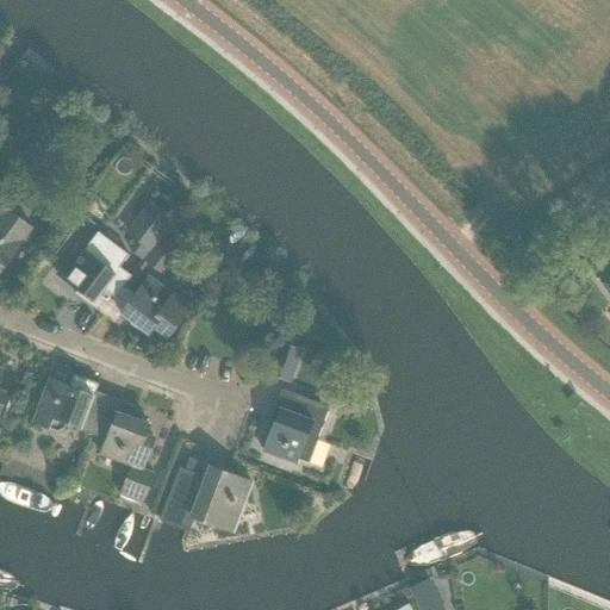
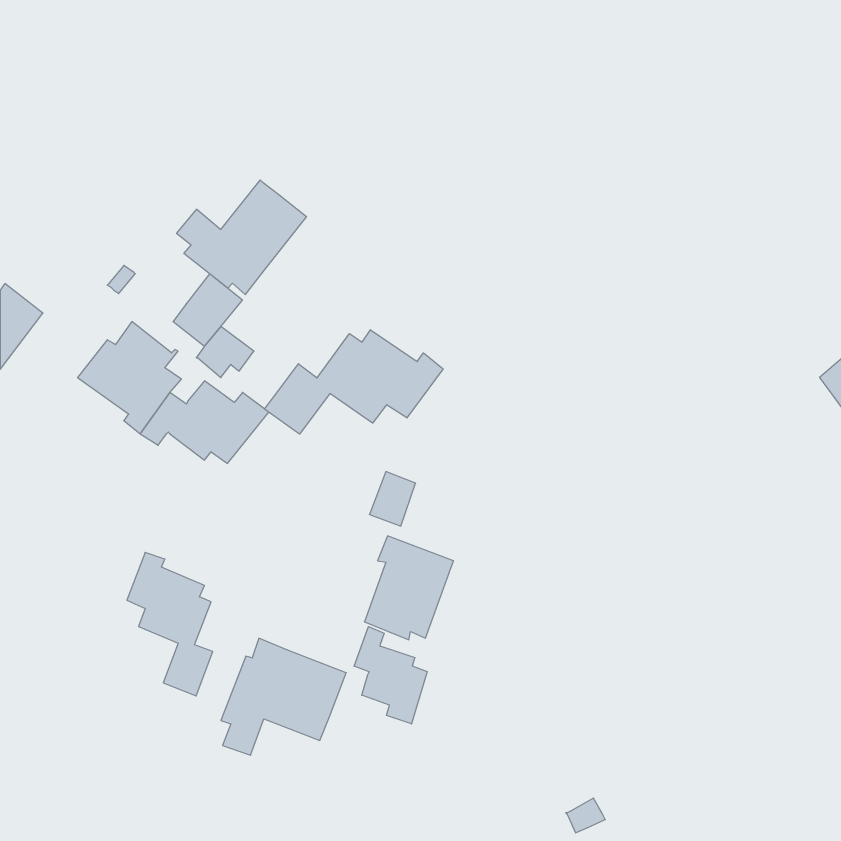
building: none -> [177,180,307,295]
building: none -> [265,330,443,434]
building: [33,373,106,434] -> none
building: none -> [354,627,427,724]

